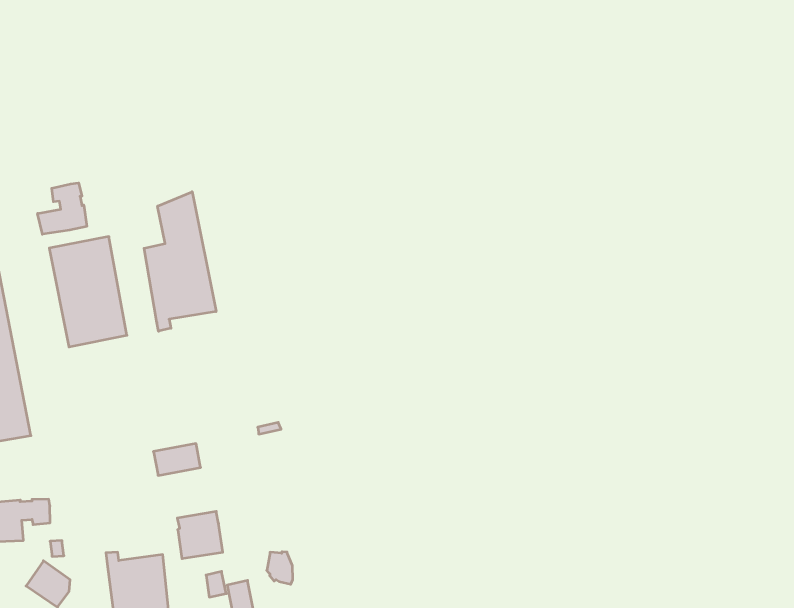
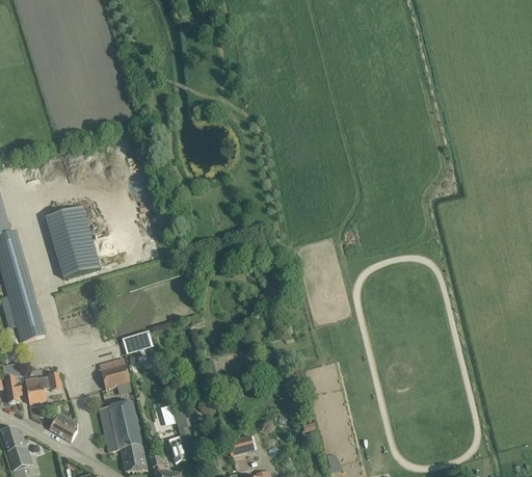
building: [38,183,87,234] -> none
building: [144,192,216,331] -> none
building: [177,511,223,559] -> [99,356,129,388]

